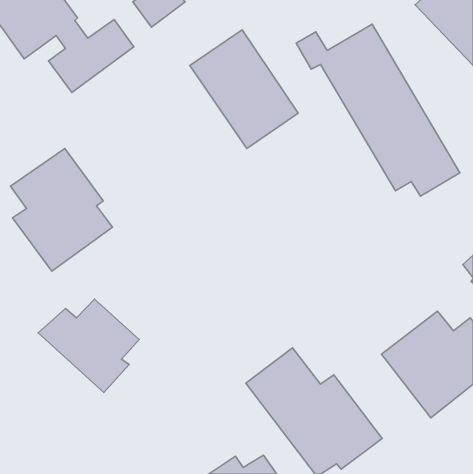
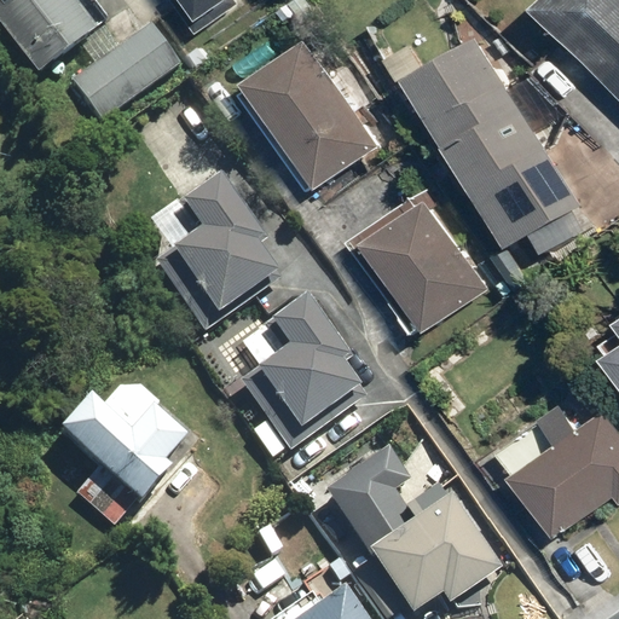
building: [11,149,112,271] -> [143,172,274,330]
building: none -> [363,197,493,332]
building: none -> [233,290,360,451]

